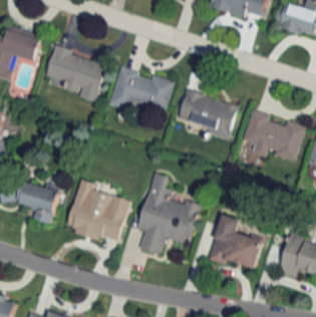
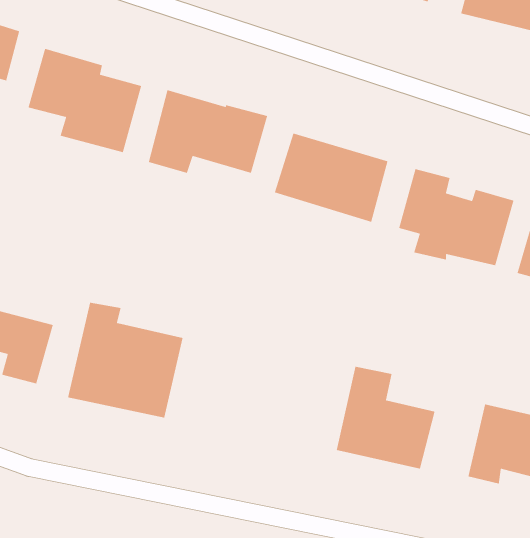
building: [138,172,201,255] -> none

